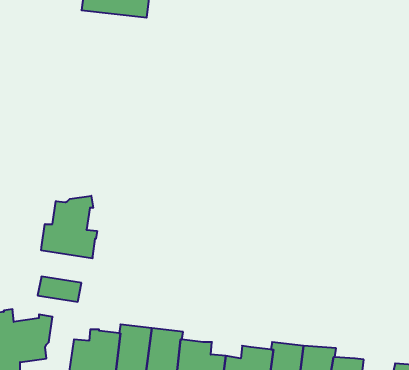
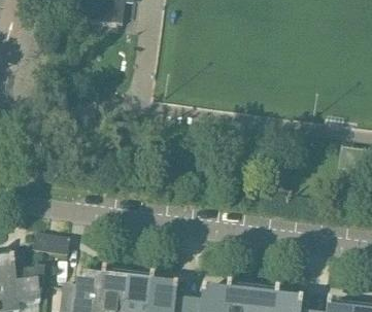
building: [41,196,97,258] -> none

